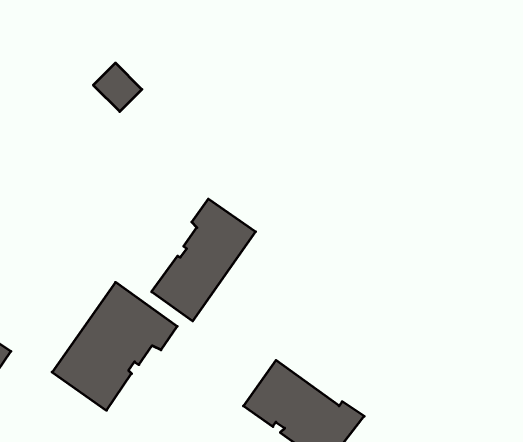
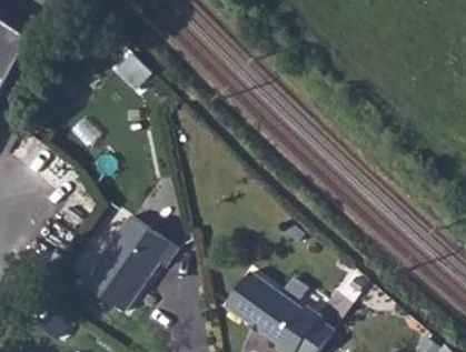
building: [152,199,256,321] -> none

